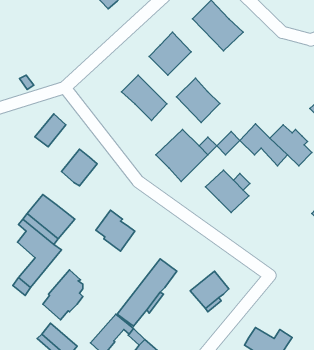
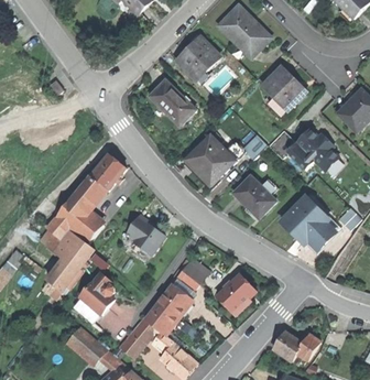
building: [177,78,220,122] -> [262,67,305,111]
building: [35,114,66,147] -> [70,176,101,209]
building: none -> [281,197,333,247]

